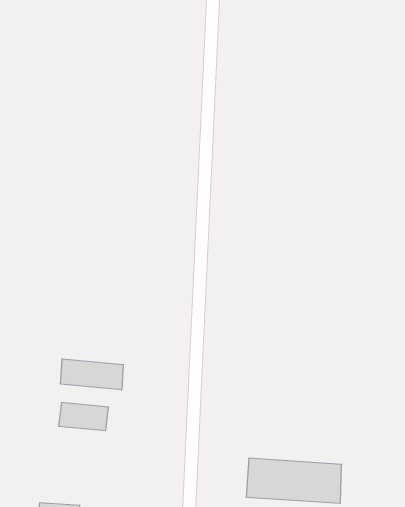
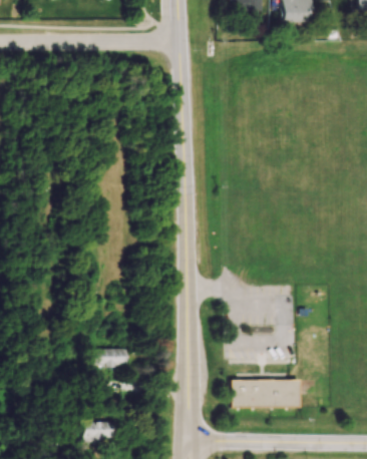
building: [61,359,123,390] -> none

